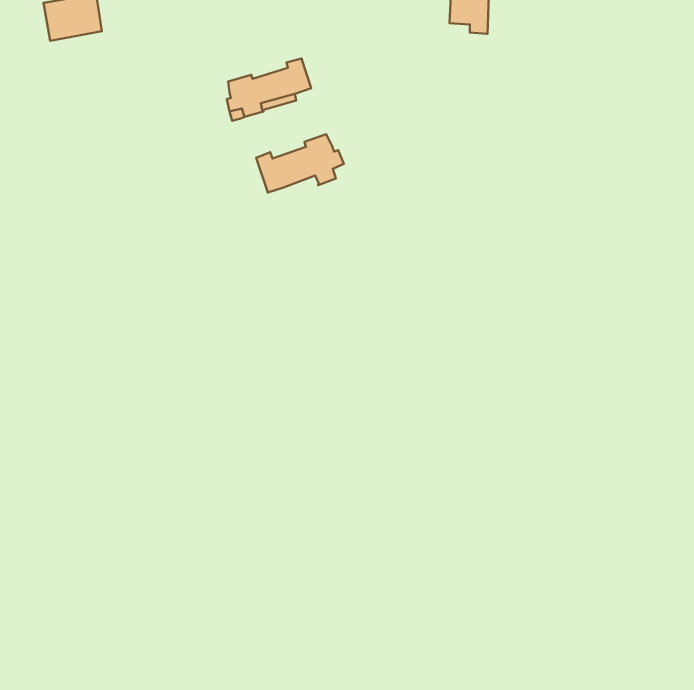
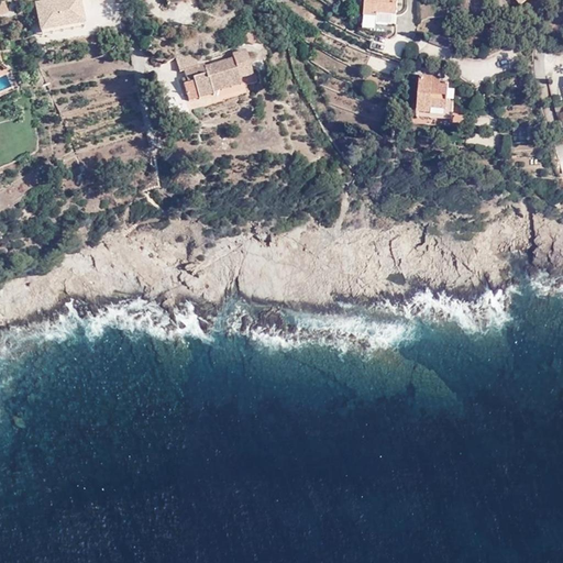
building: none -> [417,71,453,113]
building: [256,134,344,193] -> none

